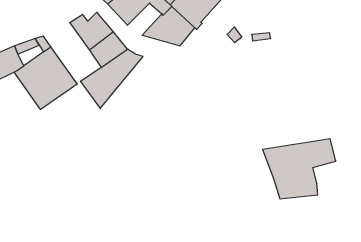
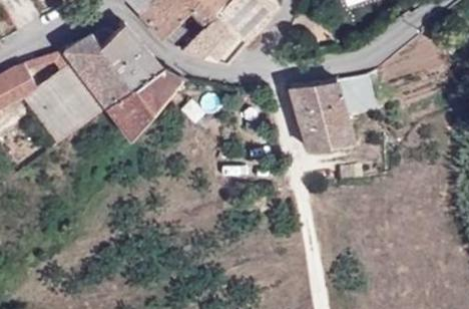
building: none -> [64,32,130,106]
building: [263,139,336,199] -> [286,75,375,148]

